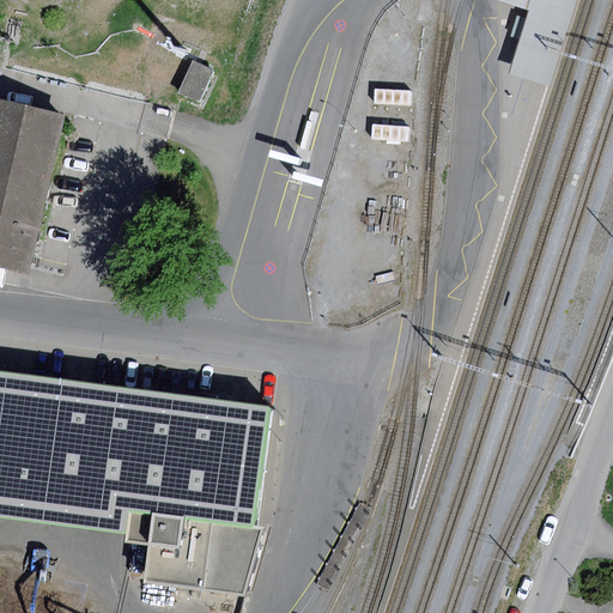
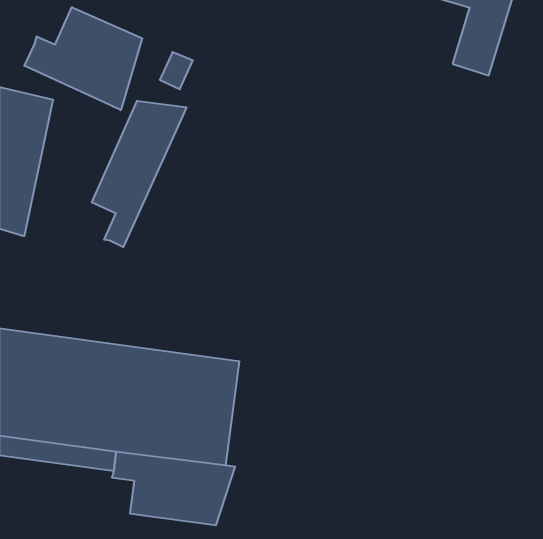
building: none -> [24,7,142,110]
building: none -> [92,101,187,247]

